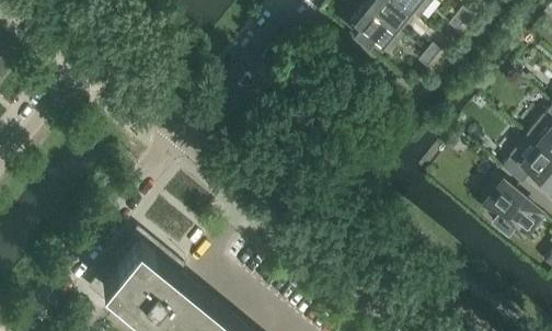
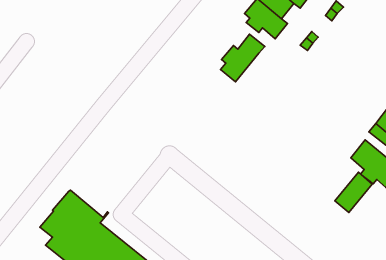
building: none -> [221,34,265,82]
building: none -> [335,172,372,213]

